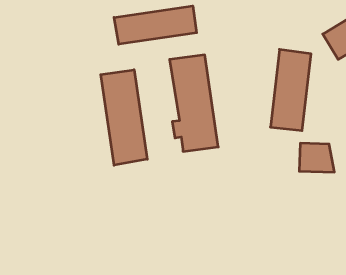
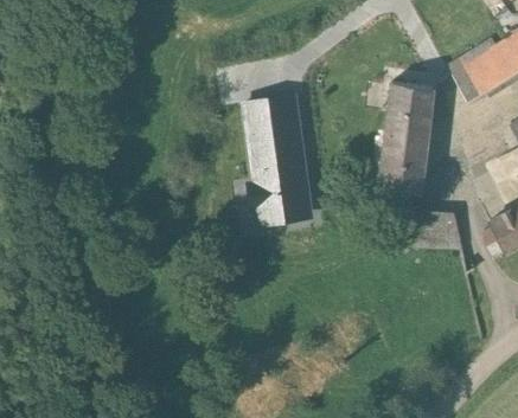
building: [114,6,197,44] -> none
building: [101,70,147,165] -> none

